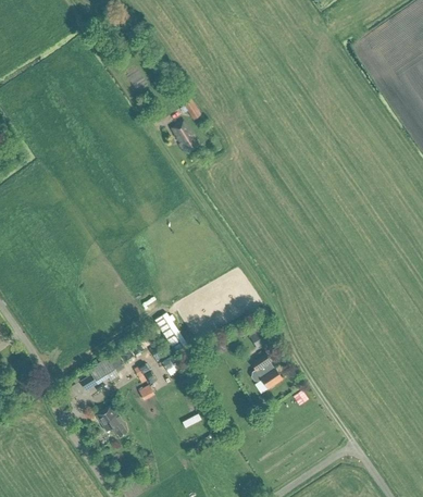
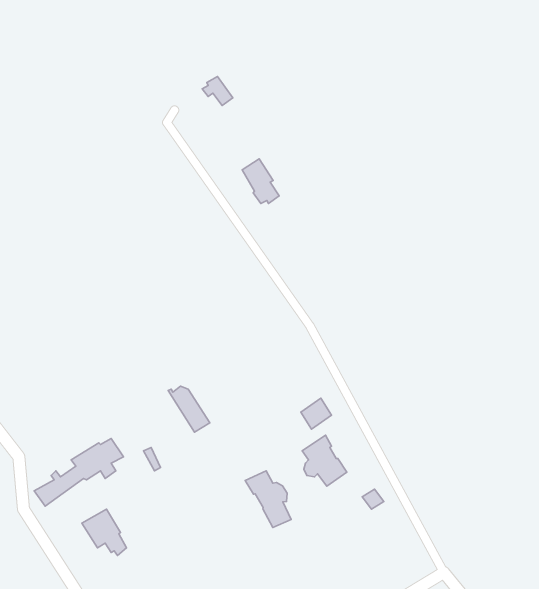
building: [172,121,198,152] -> [242,159,279,204]
building: none -> [245,471,291,527]

